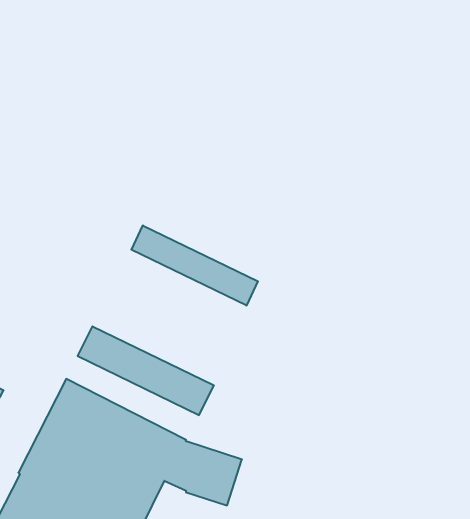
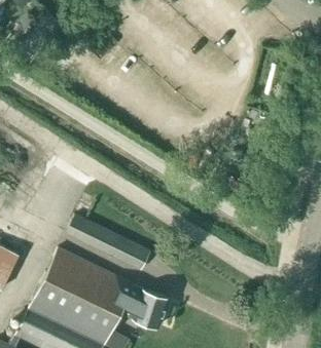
building: [131,225,258,306] -> none

